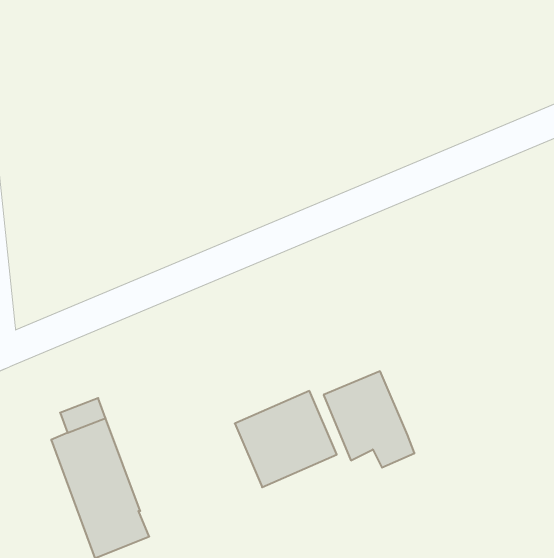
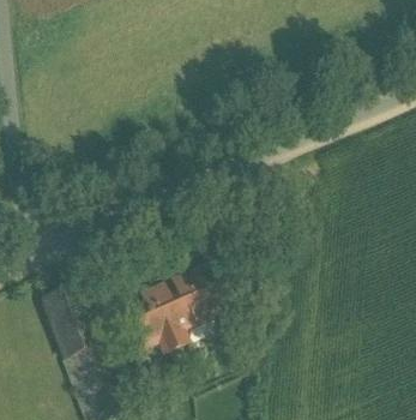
building: [324,371,415,468] -> [125,290,185,354]

